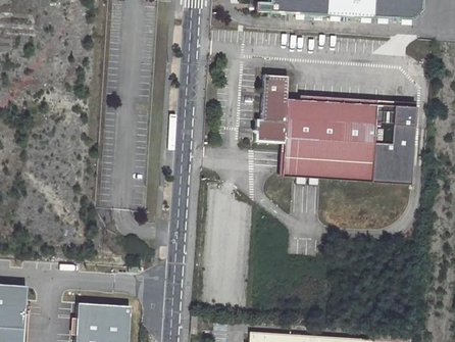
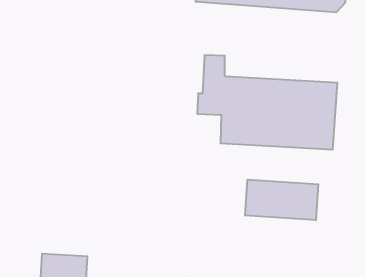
building: none -> [245,180,318,220]

